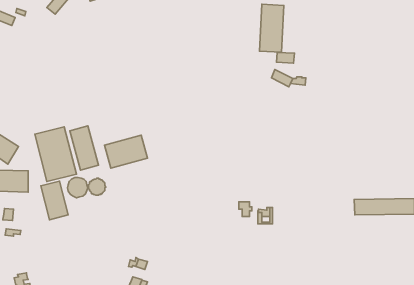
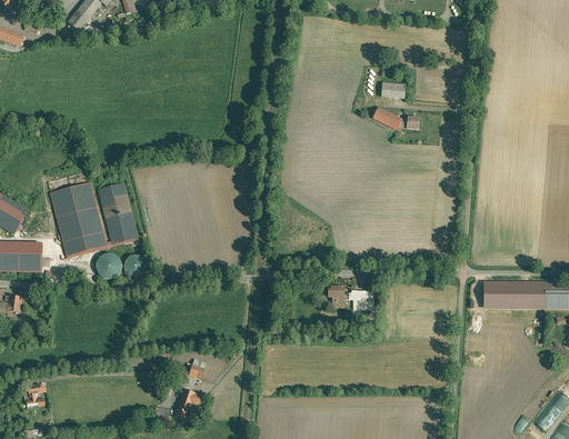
building: [260,4,284,52] -> none
building: [104,135,148,168] -> none
building: [41,181,68,220] -> none

